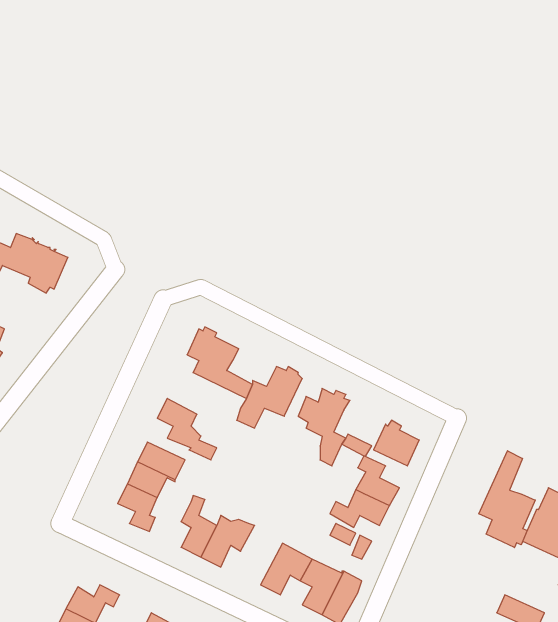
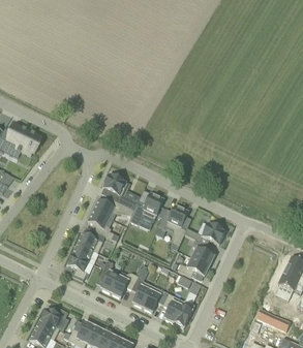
building: none -> [93,196,134,218]
building: [479,451,535,548] -> none
building: none -> [131,264,153,307]

